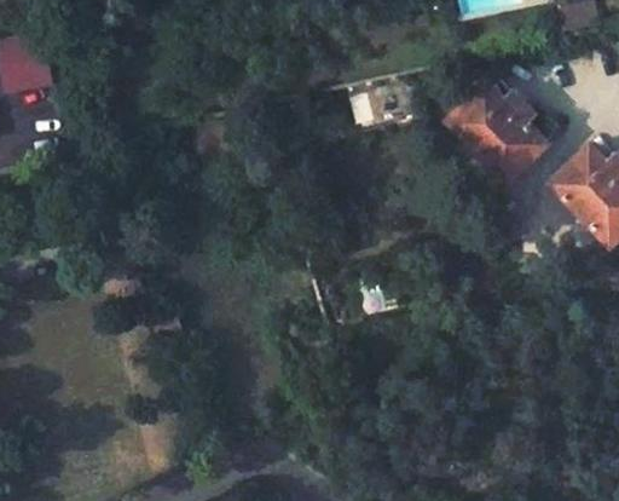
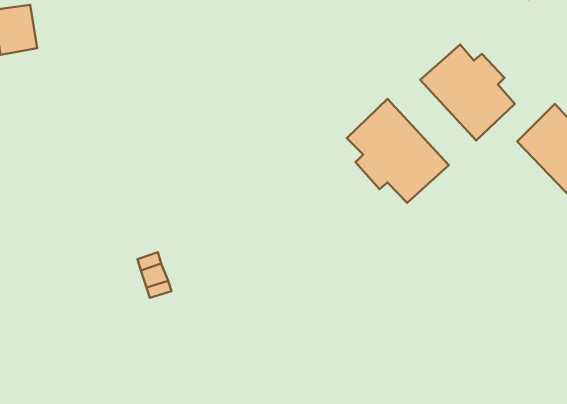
building: none -> [347,99,449,203]

